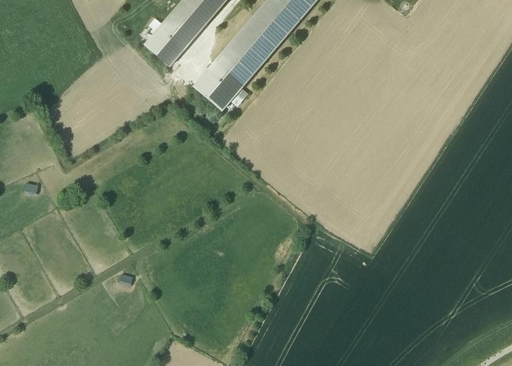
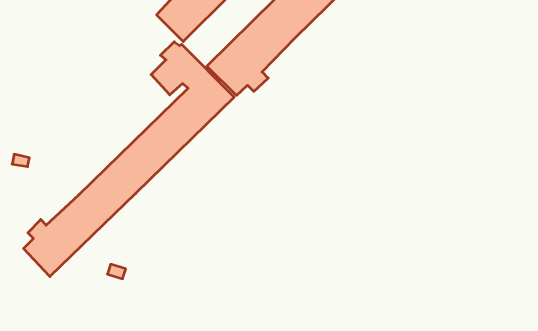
building: none -> [24,42,234,277]

